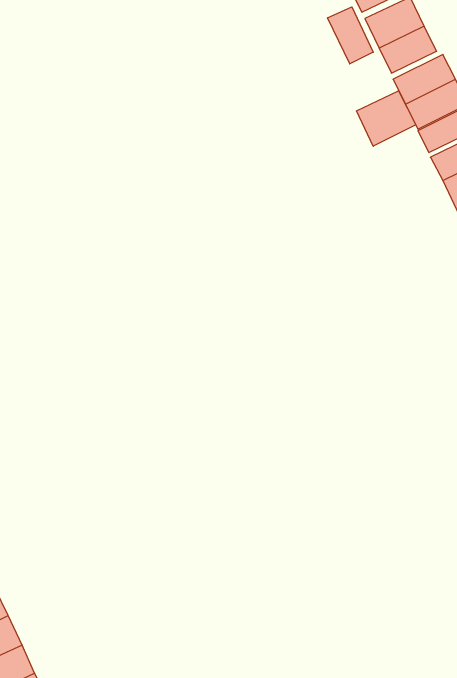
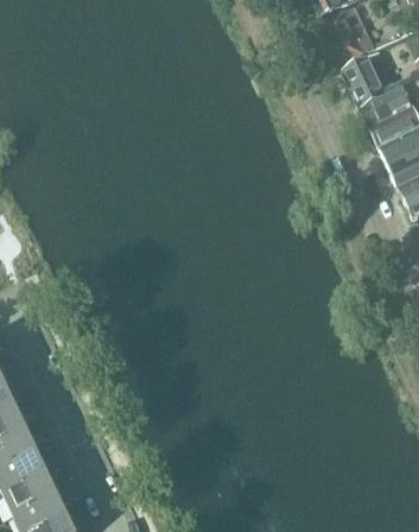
building: [328,7,373,64] -> none
building: [356,91,416,146] -> none

